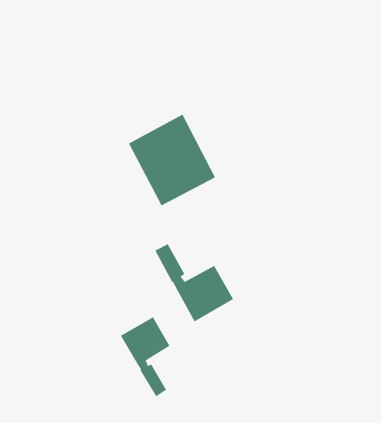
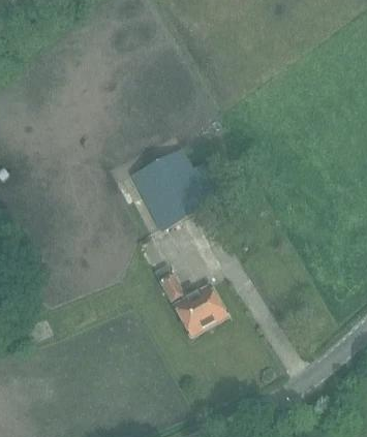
building: [120,317,170,397] -> none

